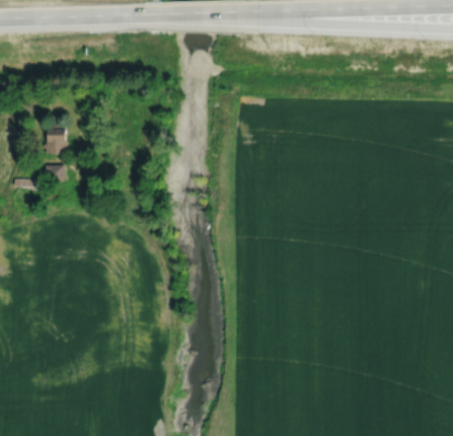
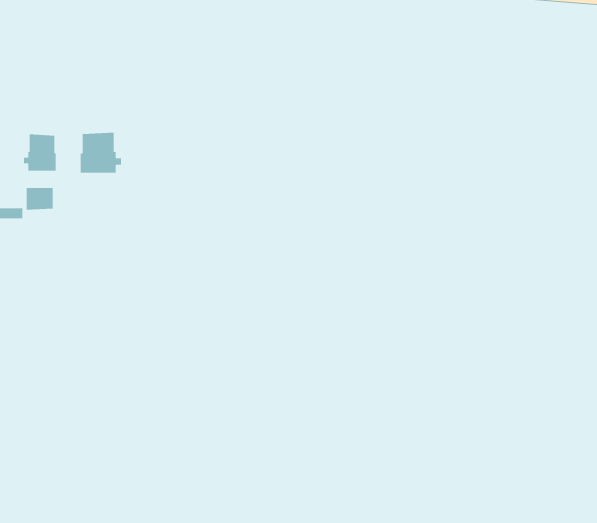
building: none -> [80,132,122,174]

